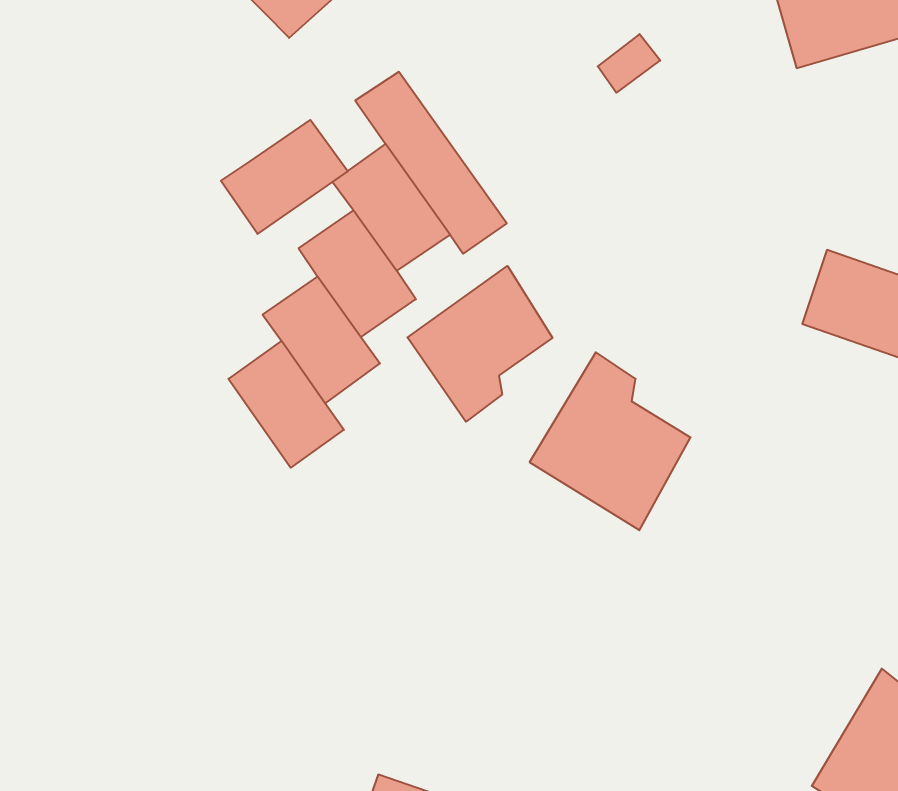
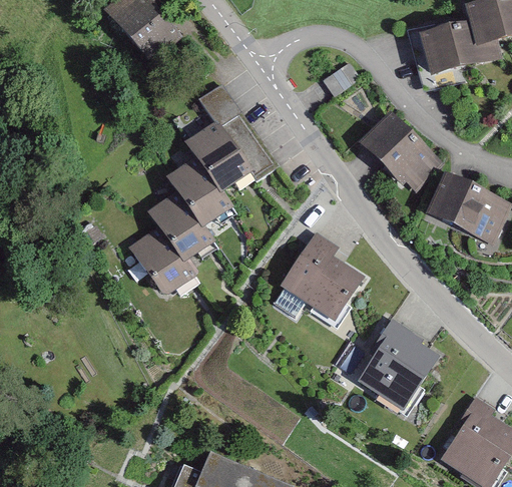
building: [221,120,348,234] -> none
building: none -> [362,110,445,192]
building: [407,266,552,422] -> none
building: none -> [351,321,441,414]

